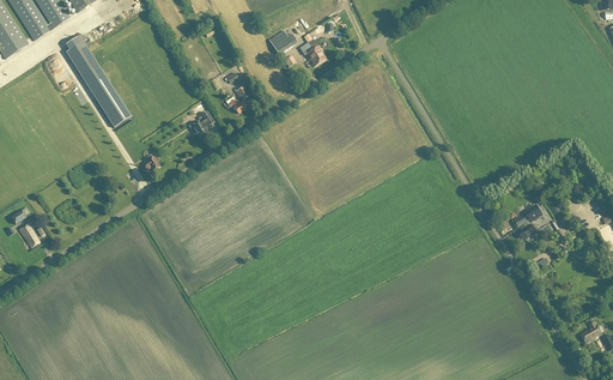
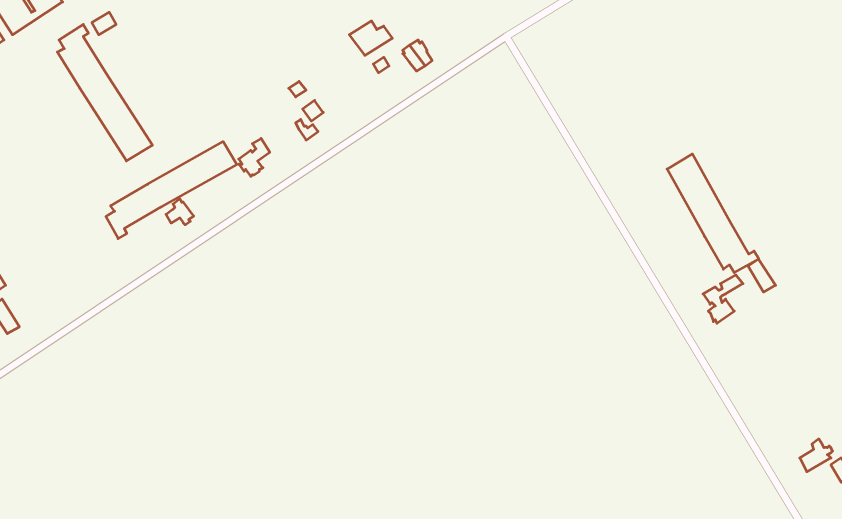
building: none -> [106,142,237,239]
building: none -> [667,154,759,273]

